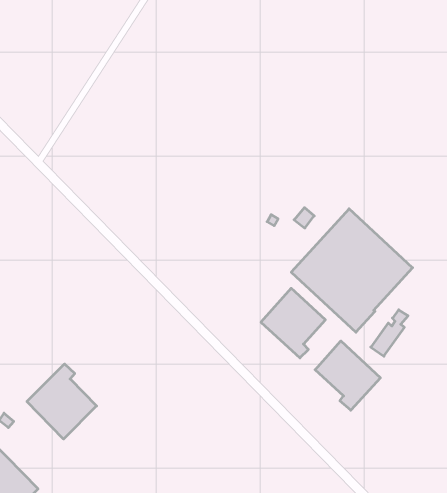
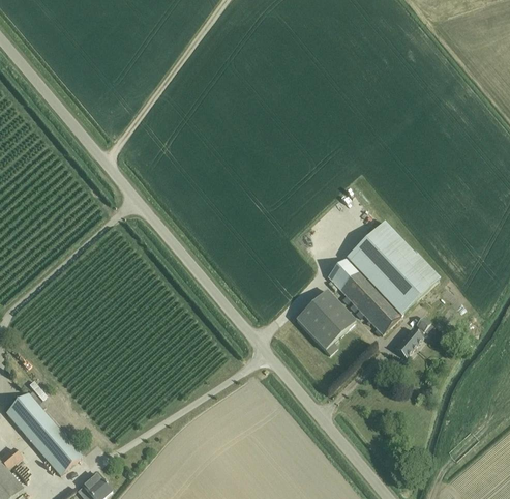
building: [315,341,380,410] -> none
building: [27,364,97,439] -> none

